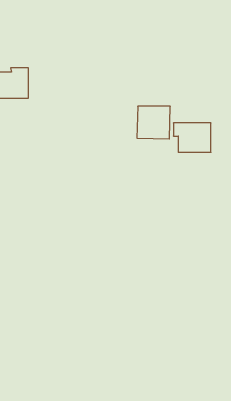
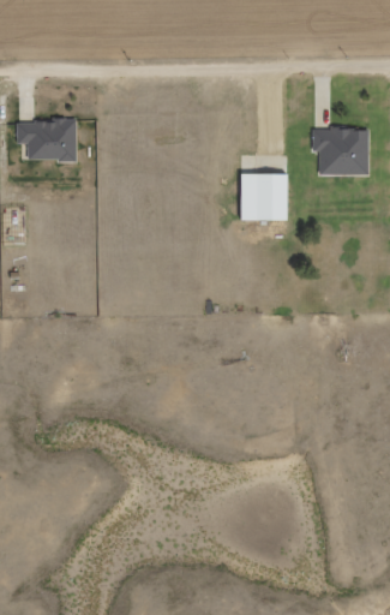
building: [173,123,211,152] -> [313,130,368,173]

